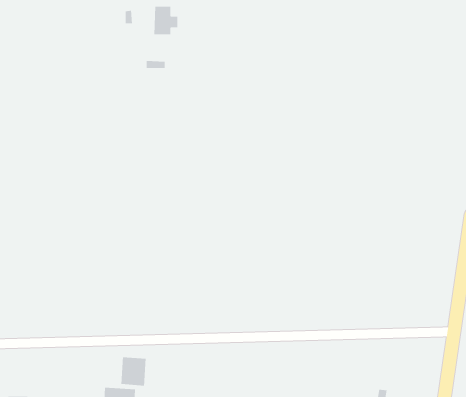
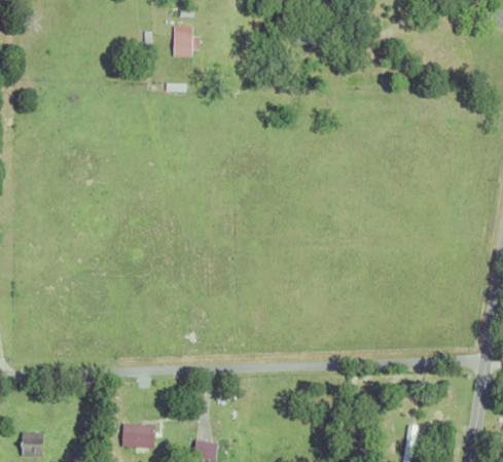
building: [121,356,146,386] -> none

